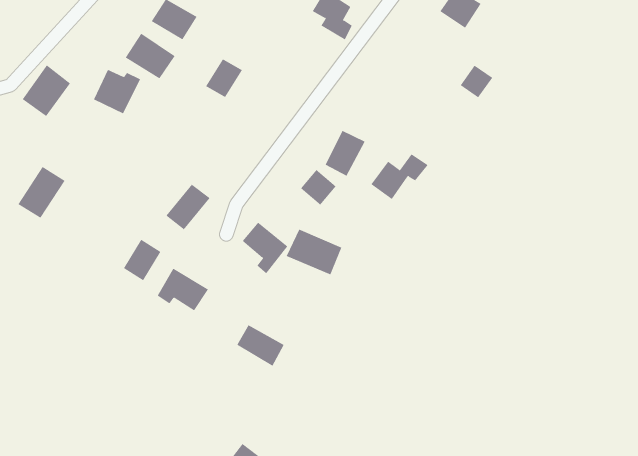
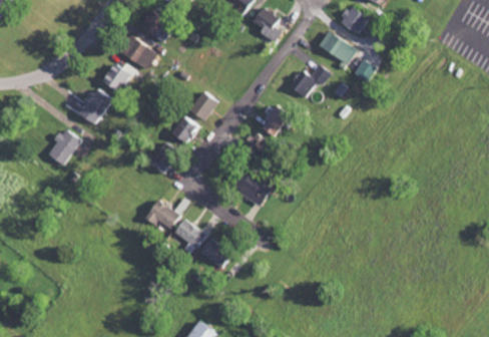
building: none -> [319,30,356,64]
building: [205,59,243,98] -> [191,91,217,118]
building: [22,65,71,117] -> [76,86,110,122]
building: none -> [172,115,198,141]
building: [371,154,429,200] -> [289,64,329,96]
building: [242,222,288,274] -> [172,218,204,254]
building: [123,239,161,281] -> none

